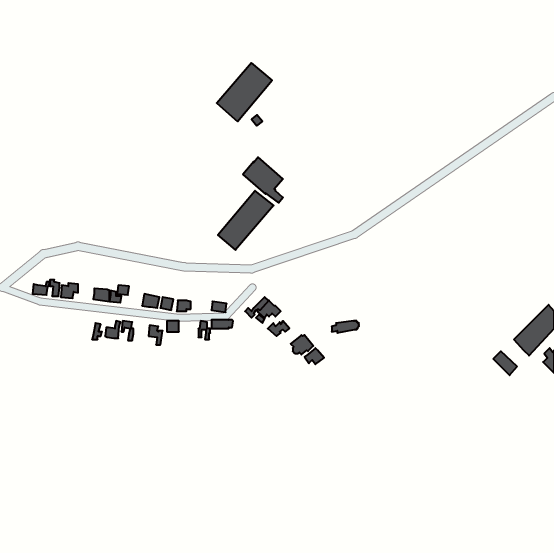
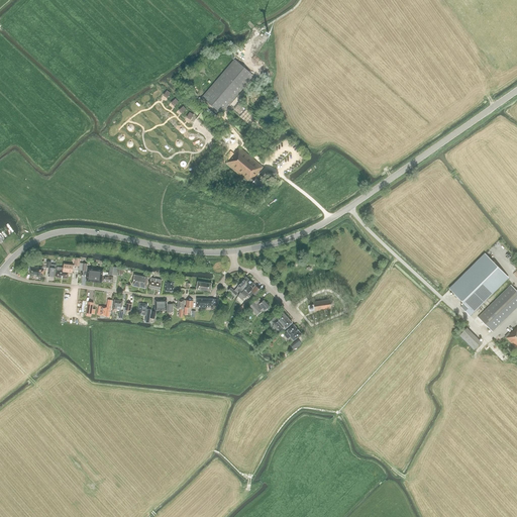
building: [218,191,274,250] -> none
building: none -> [450,253,508,314]

